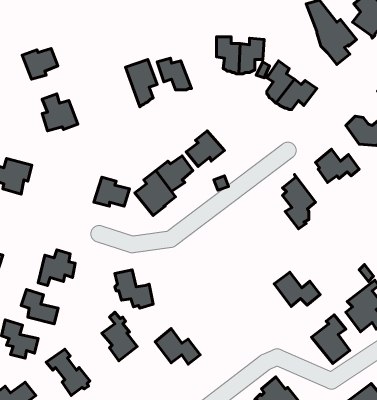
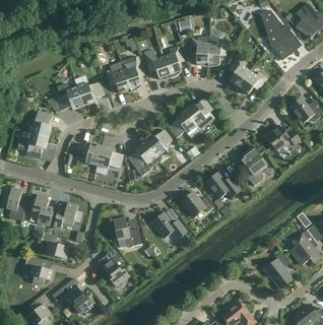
building: none -> [163,45,184,77]
building: [22,49,58,79] -> [76,81,104,105]
building: none -> [105,61,131,92]
building: none -> [183,98,212,125]
building: none -> [28,110,51,136]
building: none -> [74,142,102,165]
building: none -> [181,191,213,216]
building: none -> [30,193,54,225]
building: [274,272,320,306] -> [205,172,241,198]
building: [155,328,200,364] -> [151,211,186,239]

